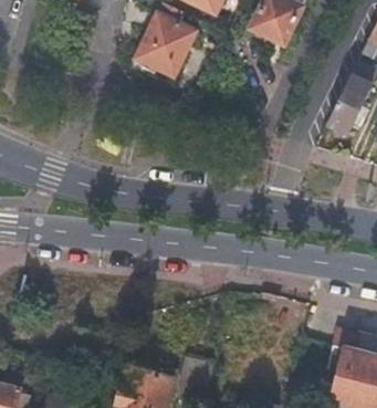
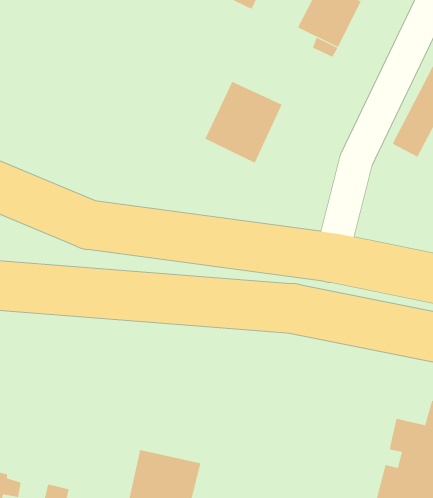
building: [134,11,197,77] -> [204,81,282,163]

